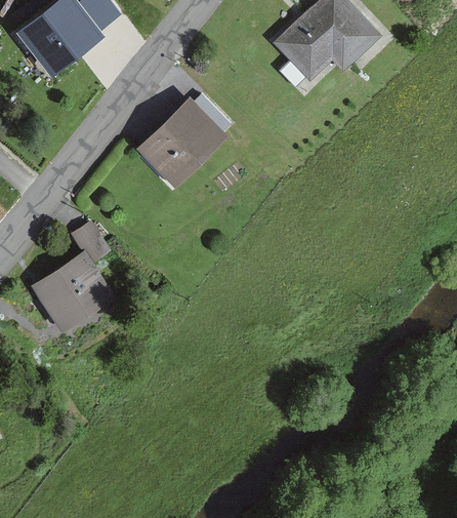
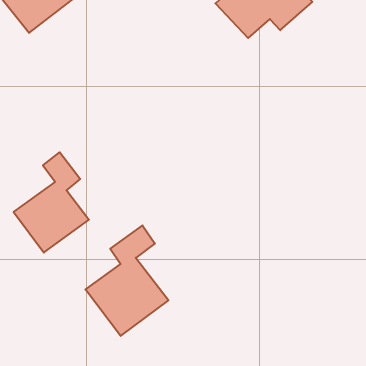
building: [138,96,231,190] -> none
building: none -> [85,225,168,336]

